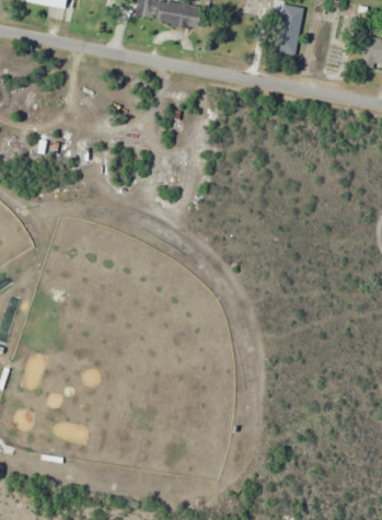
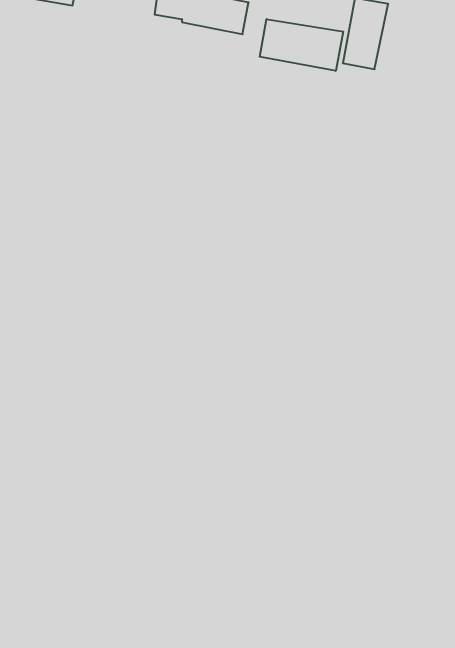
building: none -> [260,19,343,71]

